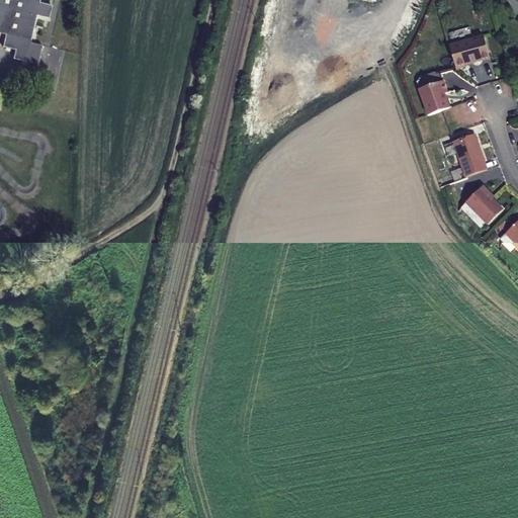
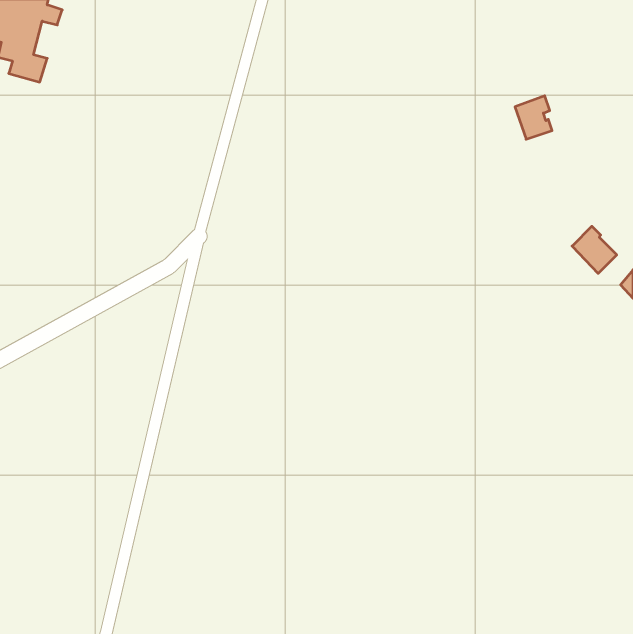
building: [449,34,490,67] -> none
building: [453,133,487,175] -> none

